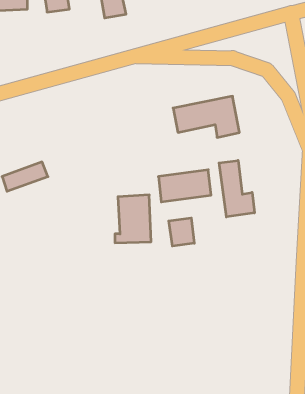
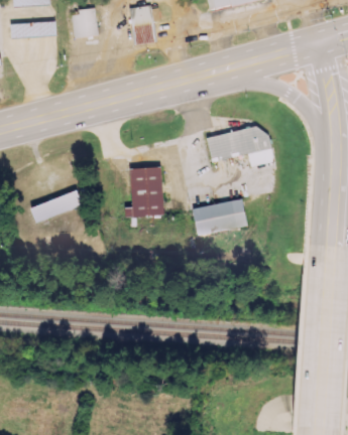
building: [219,160,254,217] -> none
building: [115,195,151,243] -> [125,167,162,216]
building: [169,218,194,246] -> none

